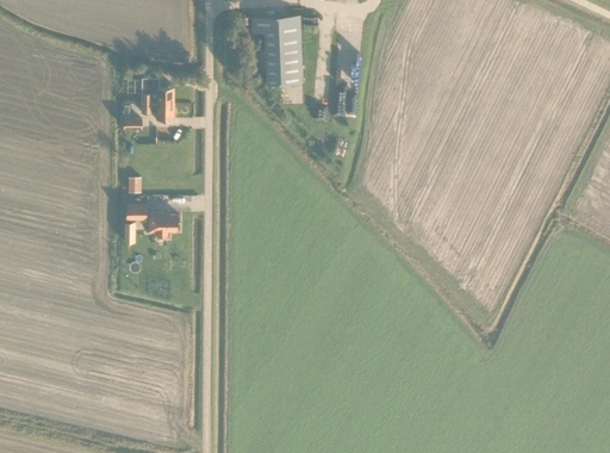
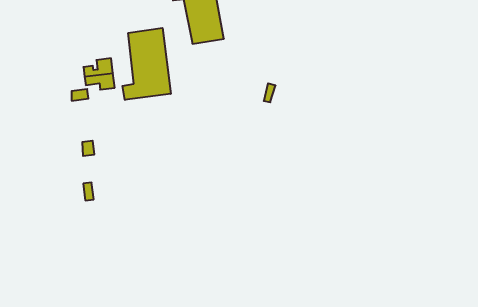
building: none -> [122,28,171,100]
building: [126,204,178,235] -> none

